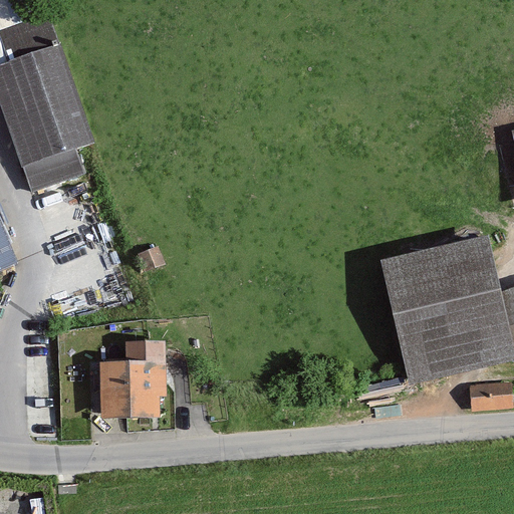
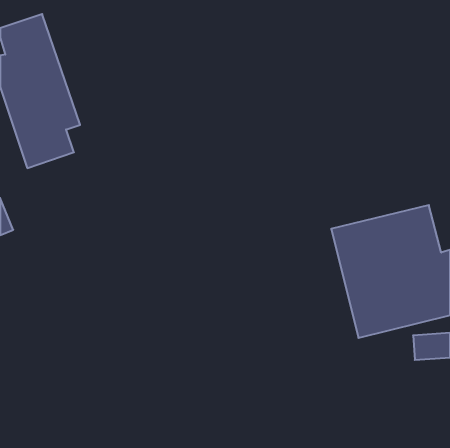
building: [97,339,174,419] -> none

